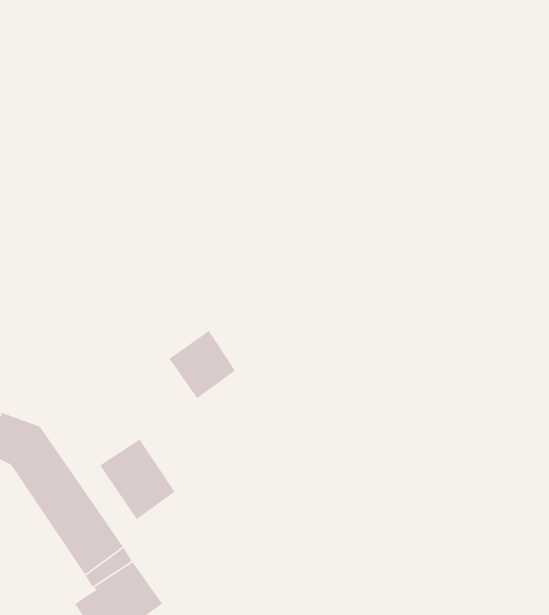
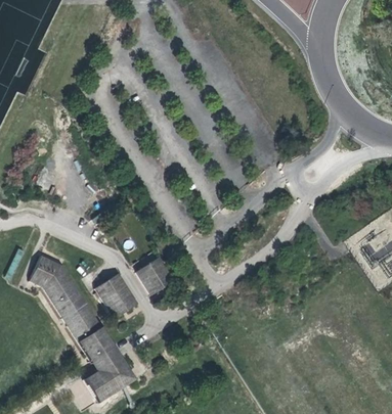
building: [168,330,236,399] -> [135,257,174,296]

